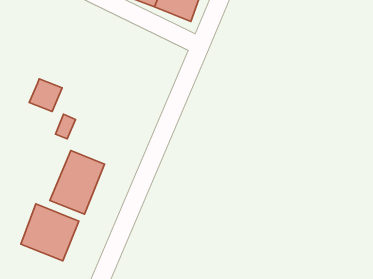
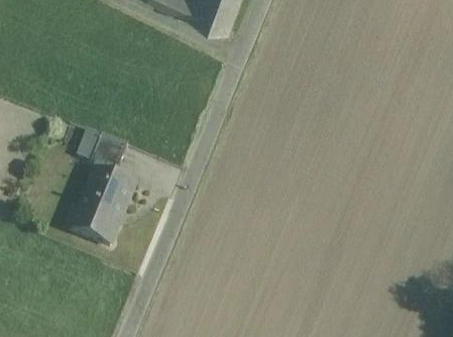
building: [29,79,62,112] -> [89,135,125,172]
building: [21,204,79,261] -> none

